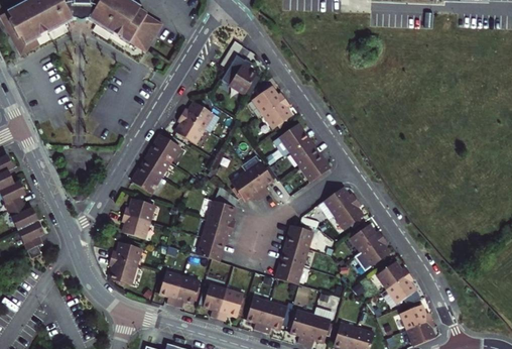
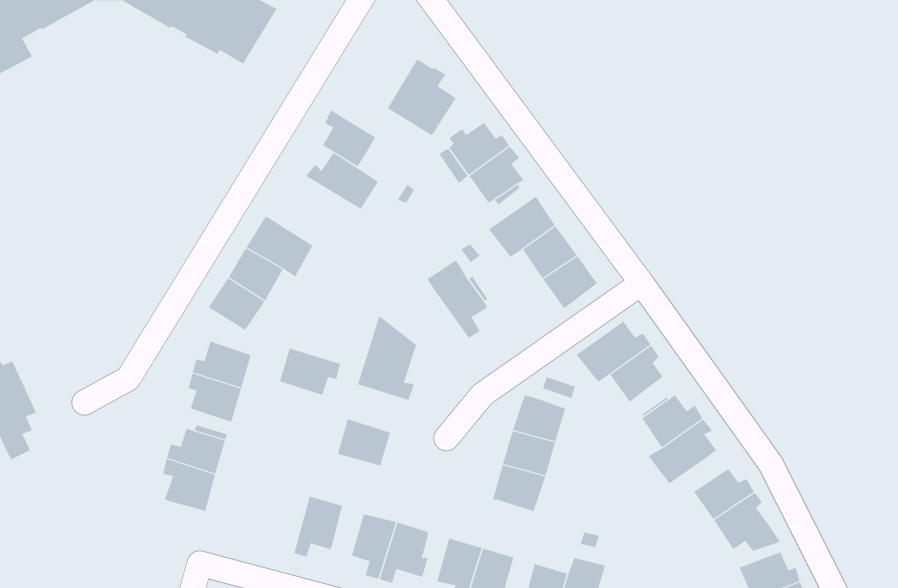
building: [176,114,204,143] -> [322,110,376,167]
building: [232,172,263,202] -> none
building: [202,220,233,244] -> [279,348,341,396]
building: [159,271,182,306] -> none

